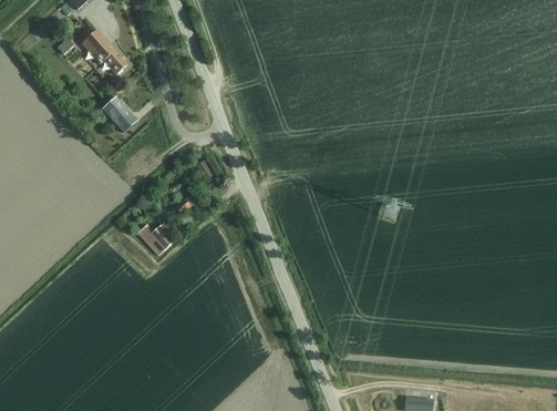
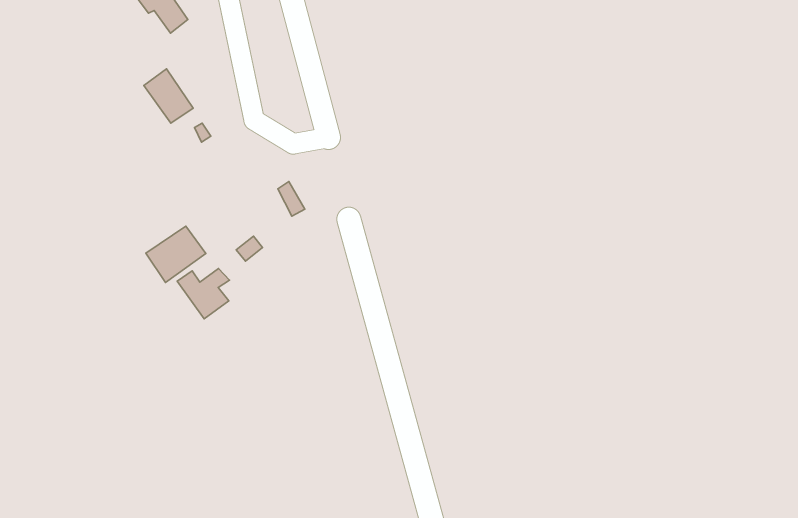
building: none -> [146,226,206,282]

